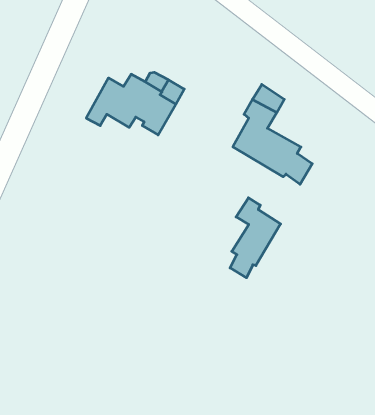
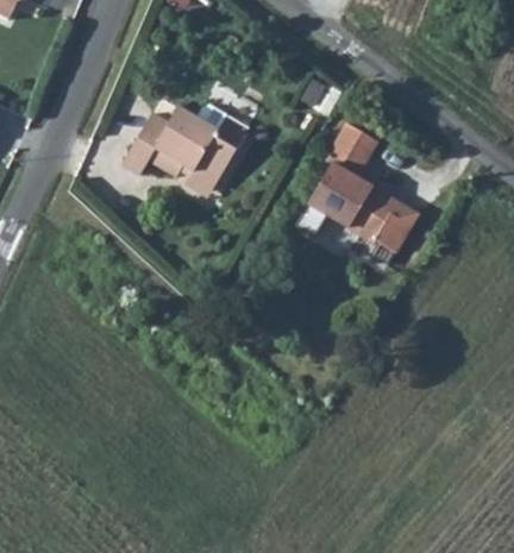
building: [230,198,281,278] -> none

